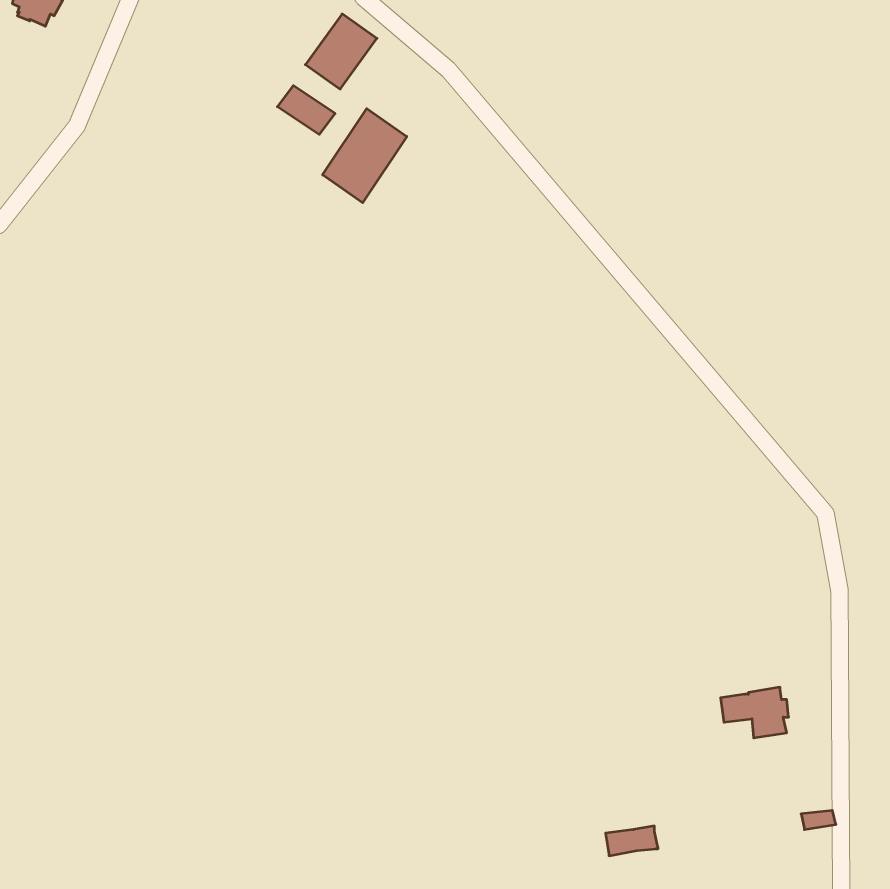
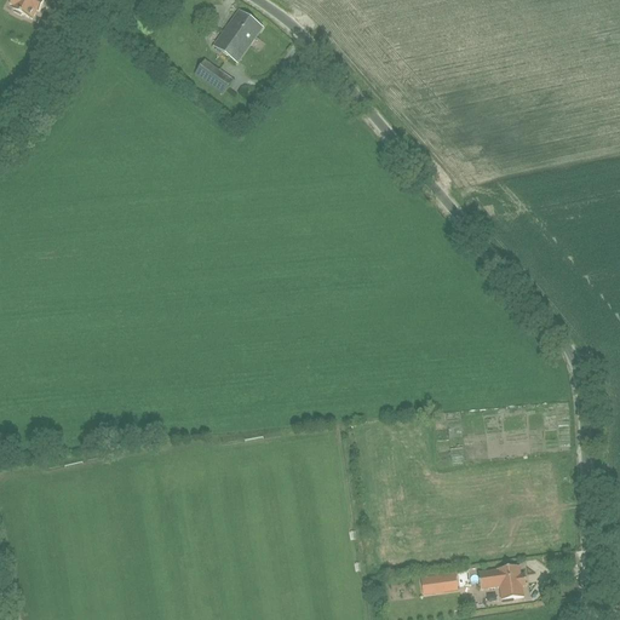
building: [323,109,407,203] -> none
building: [721,687,789,738] -> [477,564,524,599]

